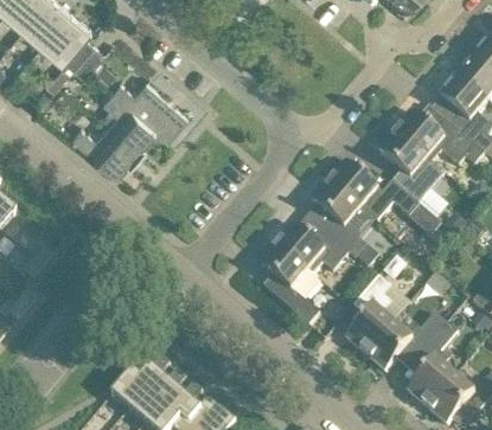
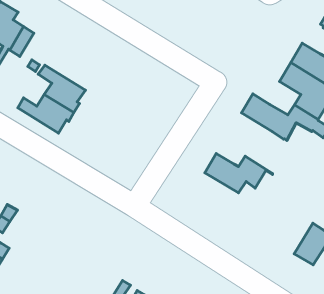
building: [109,77,185,137] -> none
building: [311,180,372,256] -> none
building: [258,243,318,323] -> none
building: [345,275,391,353] -> none

